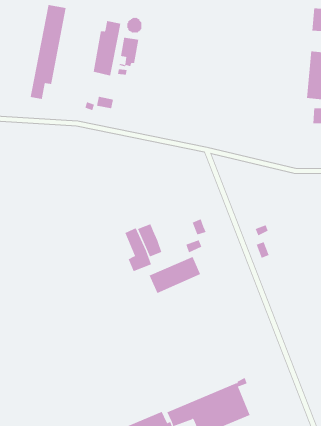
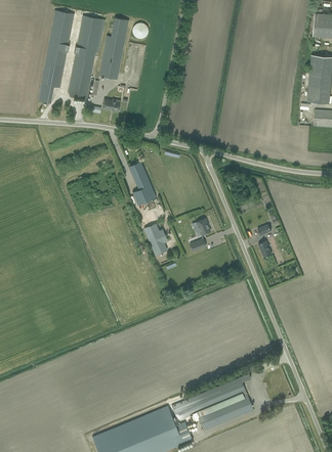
building: none -> [68,15,101,99]
building: [125,228,152,272] -> [129,162,156,205]
building: [149,256,201,294] -> none

